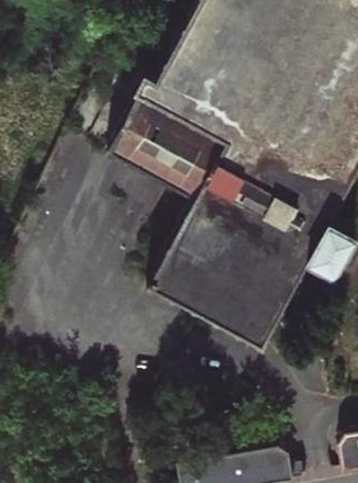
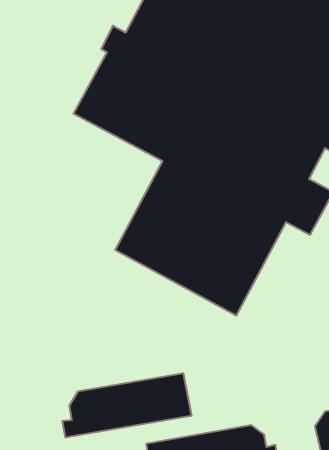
building: none -> [62,373,191,438]

